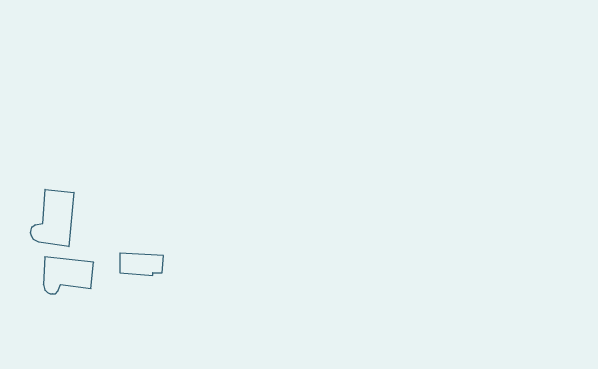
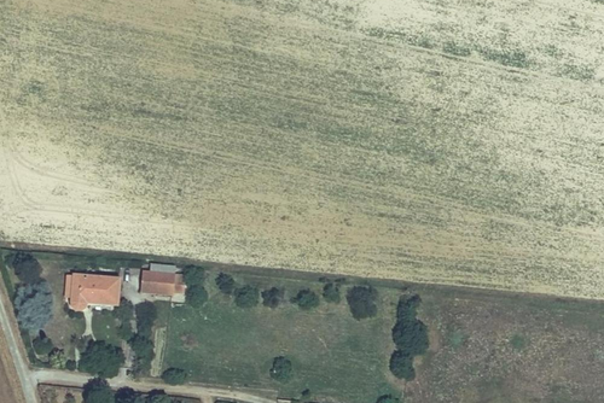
building: [31,189,74,247] -> none

